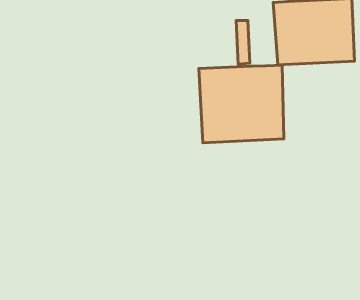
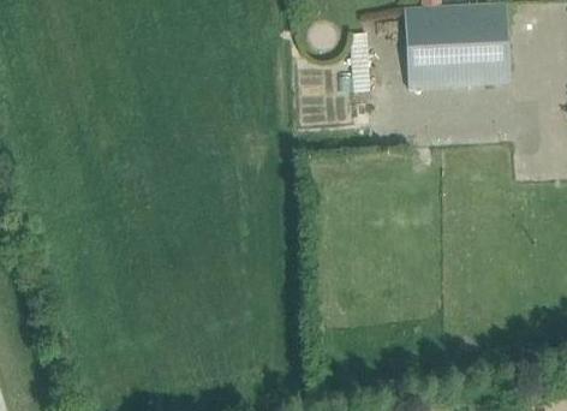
building: [199,65,284,143] -> none

